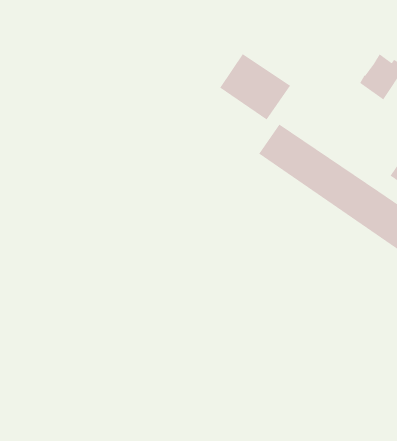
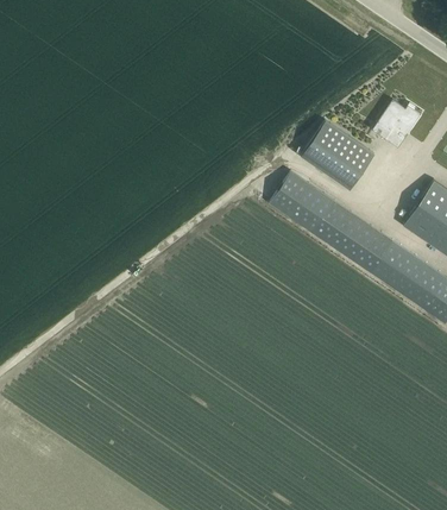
building: [219,53,291,120] -> [301,120,374,189]

